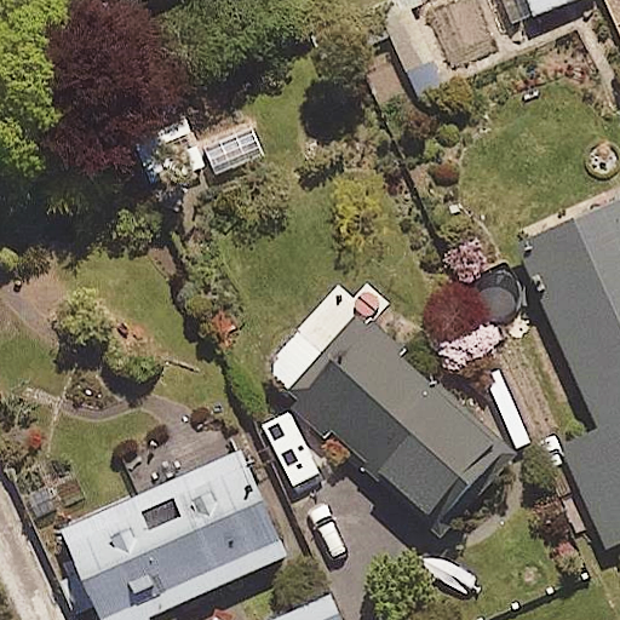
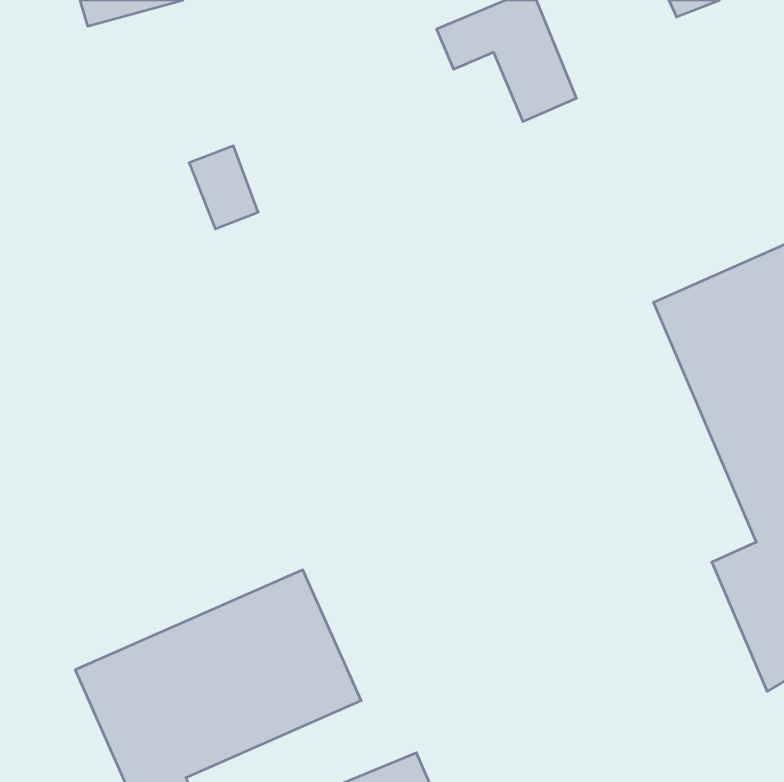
building: [262,291,523,545] -> none

